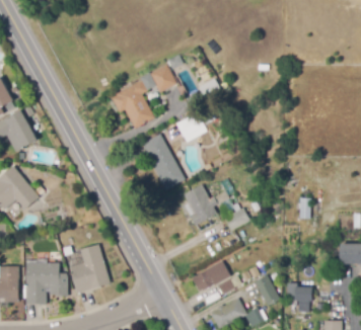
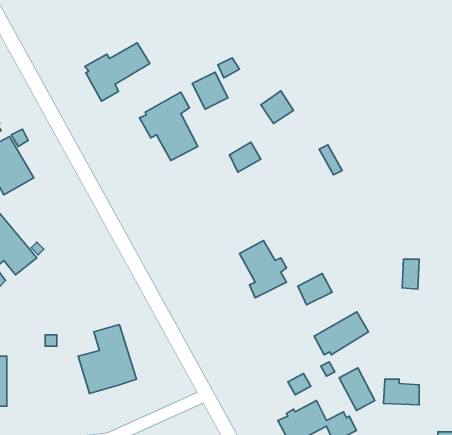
building: none -> [85,43,150,101]
building: [142,134,186,190] -> none
building: [192,260,230,291] -> [314,312,368,355]
building: [25,262,68,305] -> none

